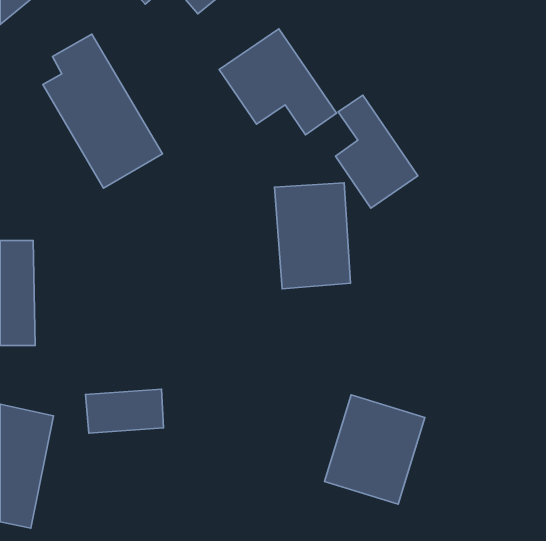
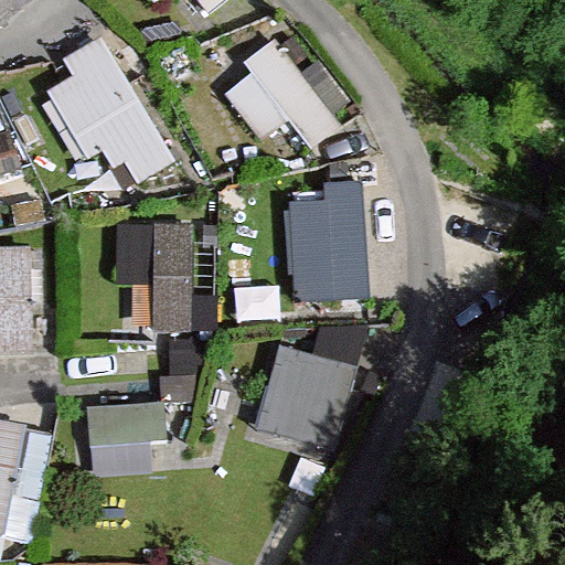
building: [335,95,418,208] -> none
building: none -> [116,222,194,332]
building: [324,395,425,504] -> [246,345,350,458]

